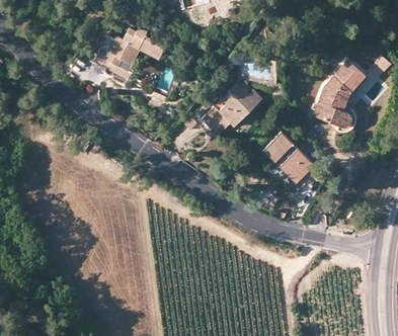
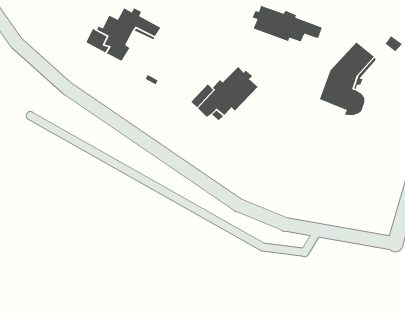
building: none -> [252,5,323,42]
building: [261,131,313,182] -> none

